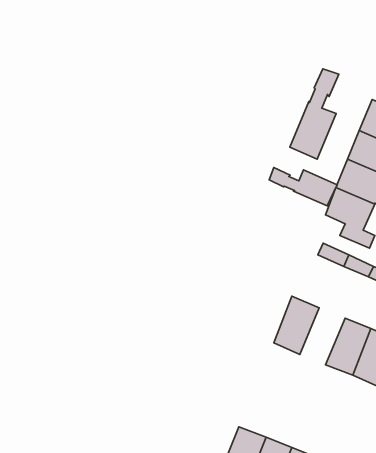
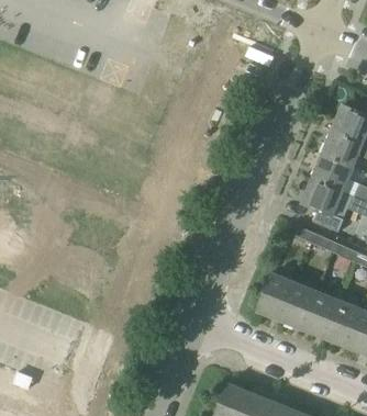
building: [290,69,339,159] -> none
building: [269,168,337,206] -> none
building: none -> [279,281,318,329]

